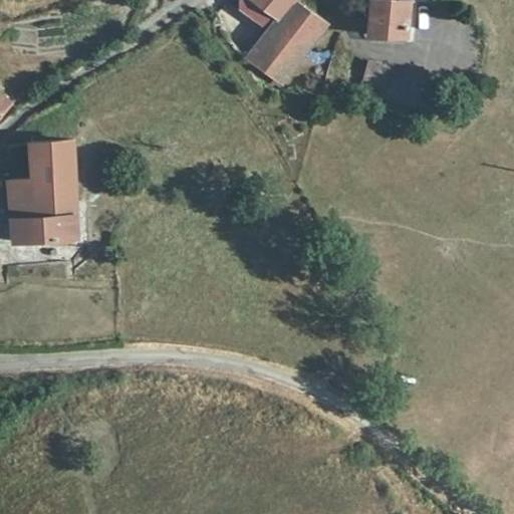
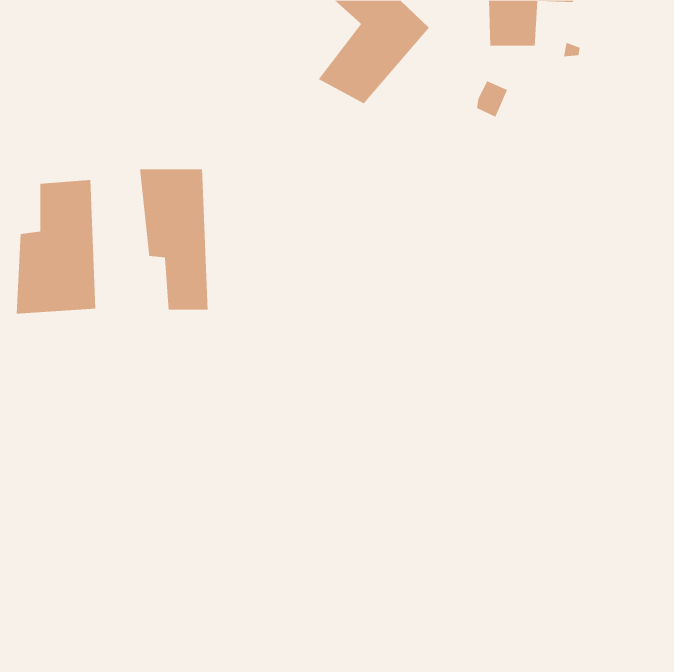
building: none -> [140,169,208,310]

